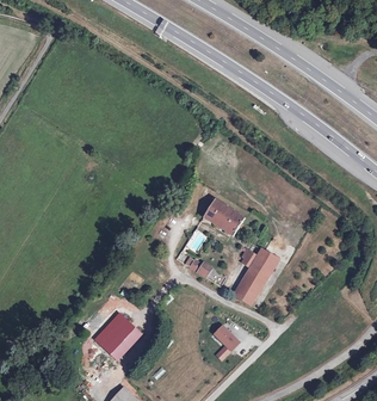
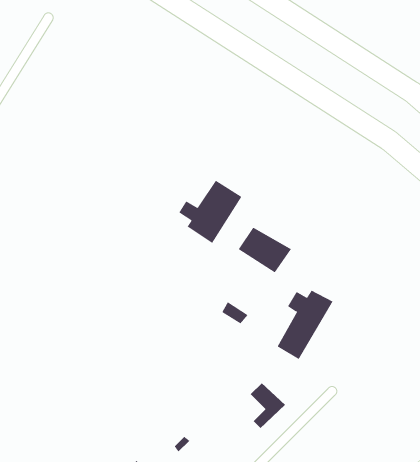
building: none -> [179,180,242,244]
building: [95,314,140,358] -> none

